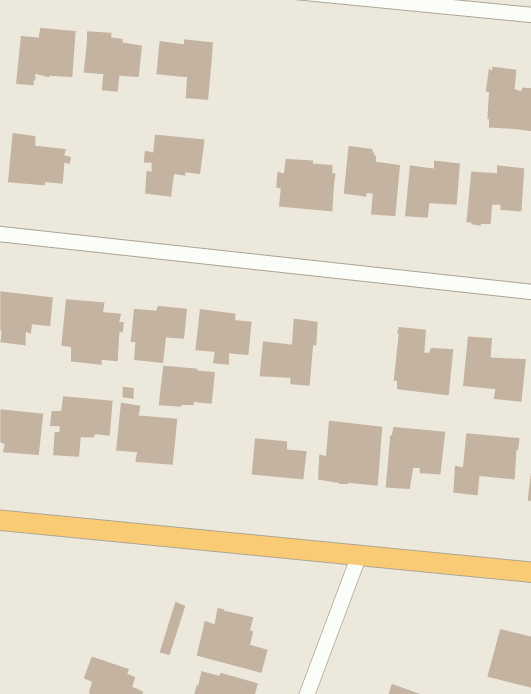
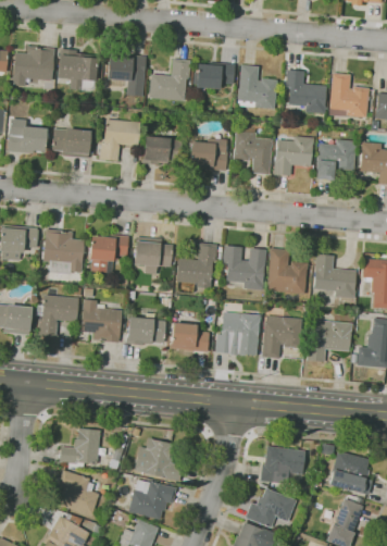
building: none -> [149,59,189,100]
building: none -> [192,62,235,89]
building: none -> [237,65,276,109]
building: none -> [285,70,326,114]
building: none -> [51,128,90,159]
building: none -> [142,136,182,164]
building: none -> [223,246,266,290]
building: [158,365,216,407] -> [126,317,165,345]
building: none -> [60,427,100,468]
building: none -> [260,446,304,484]

